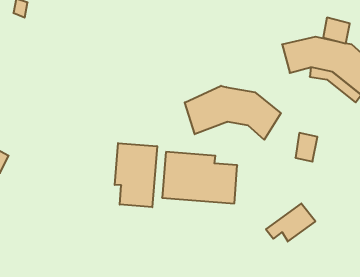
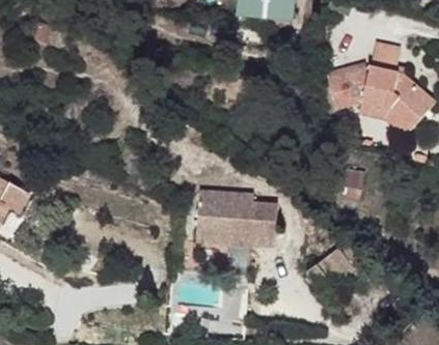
building: [185,86,281,140] -> none
building: [115,143,157,207] -> none

